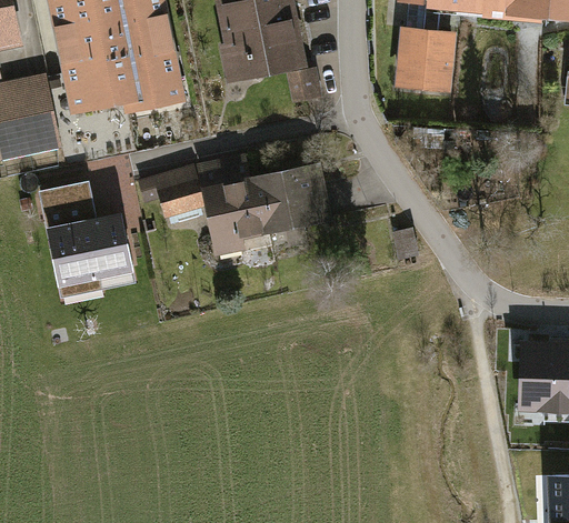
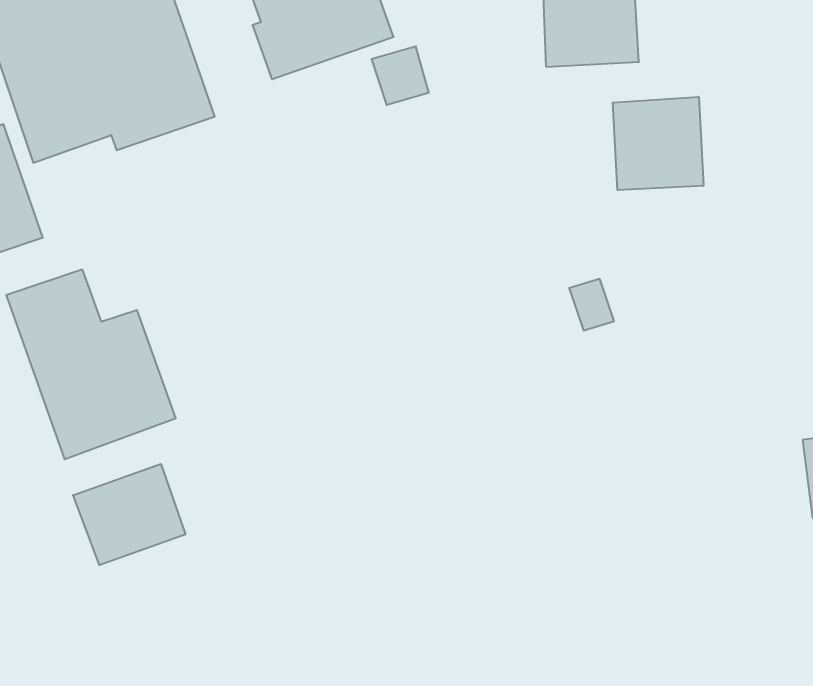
building: none -> [613,97,703,190]
building: [139,152,331,260] -> none
building: none -> [73,464,185,565]

